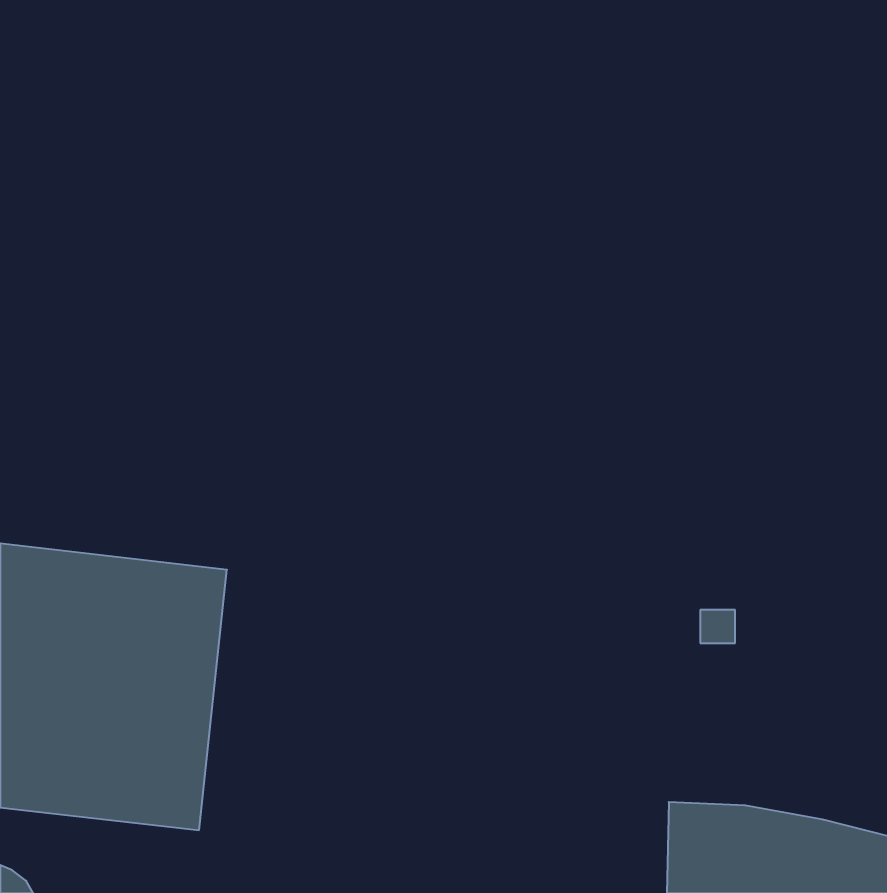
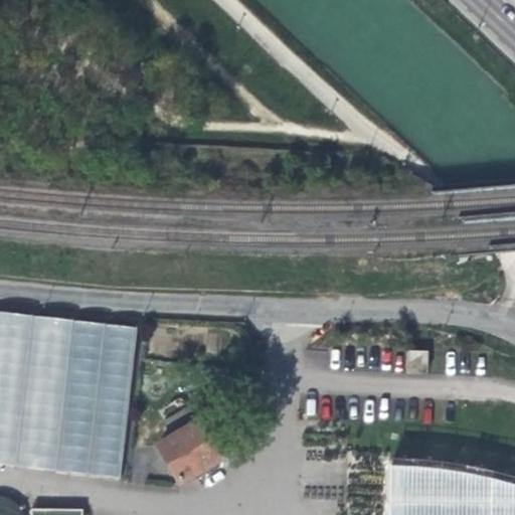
building: none -> [159,409,220,486]

